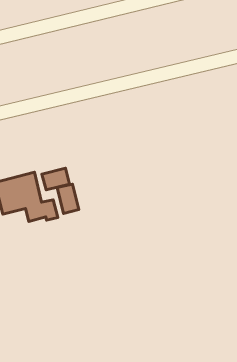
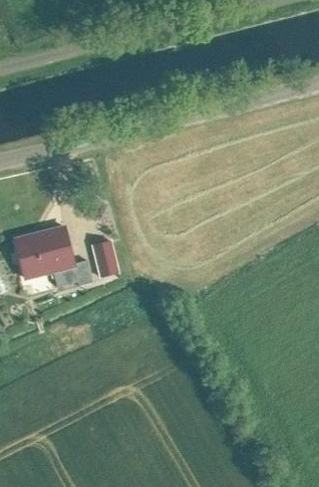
building: [42,168,69,190] -> none

